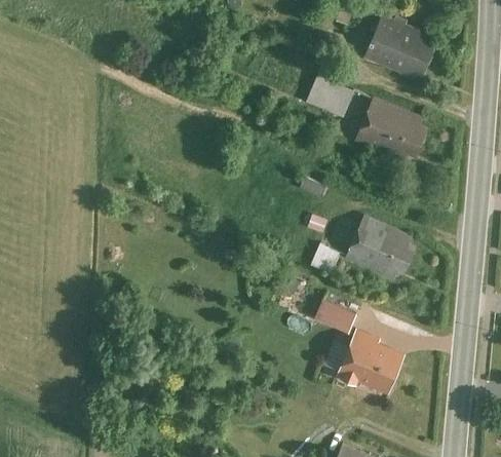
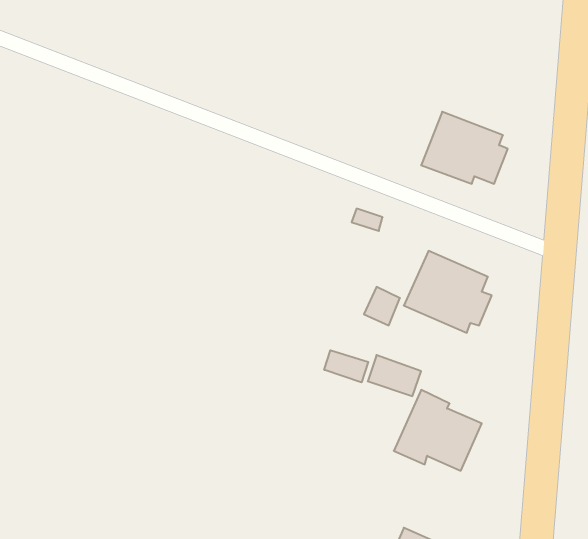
building: [363,14,435,79] -> none
building: [305,74,354,116] -> none
building: none -> [324,350,368,382]

